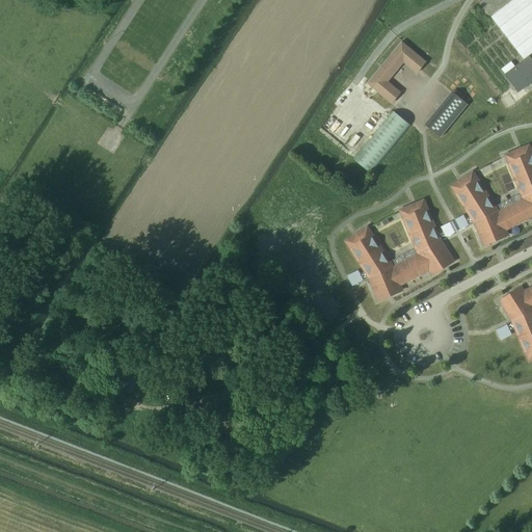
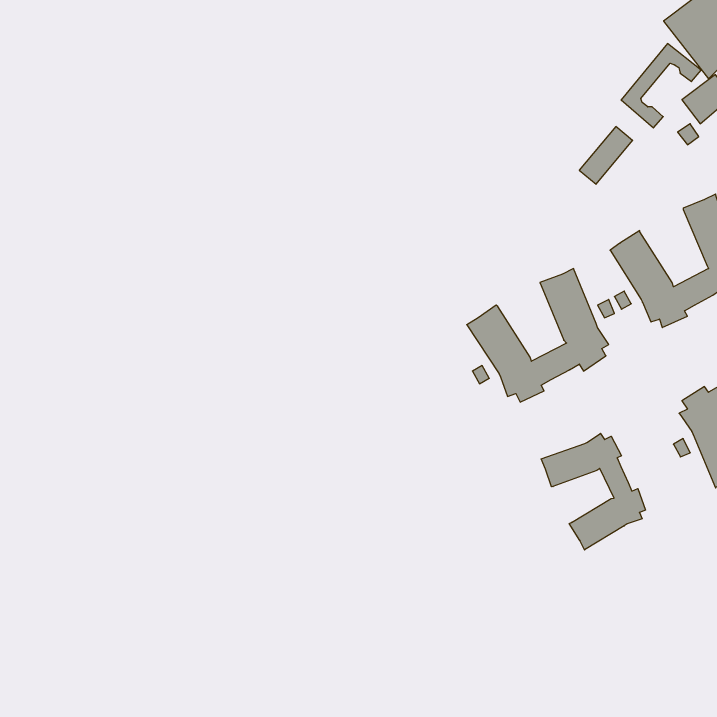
building: [368,41,427,103] -> [621,44,701,128]
building: [354,109,411,170] -> none
building: none -> [541,433,645,550]

